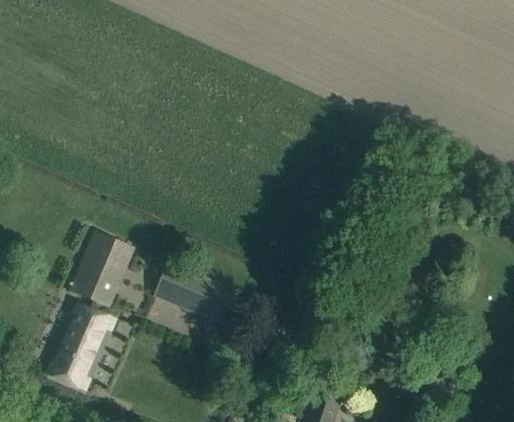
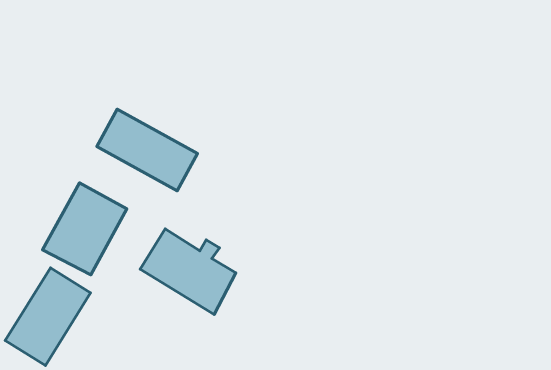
building: none -> [97,109,198,191]

